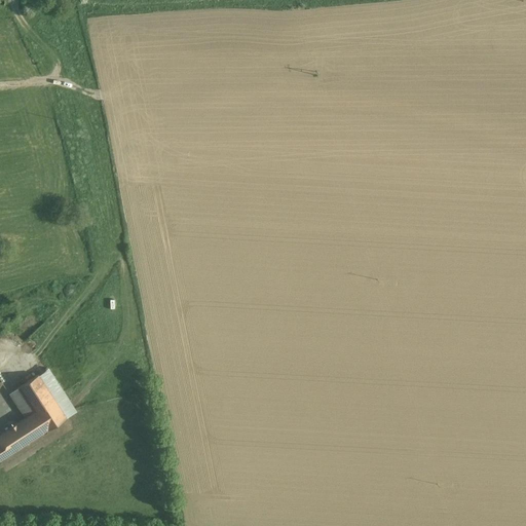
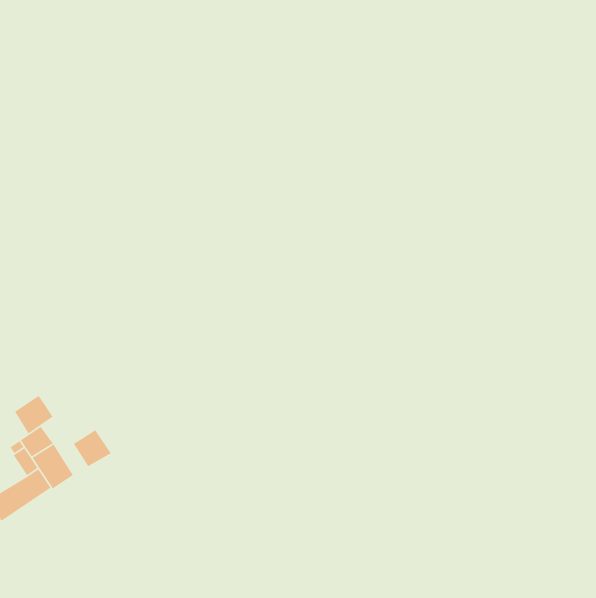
building: none -> [14,395,53,435]
building: none -> [73,429,112,467]

